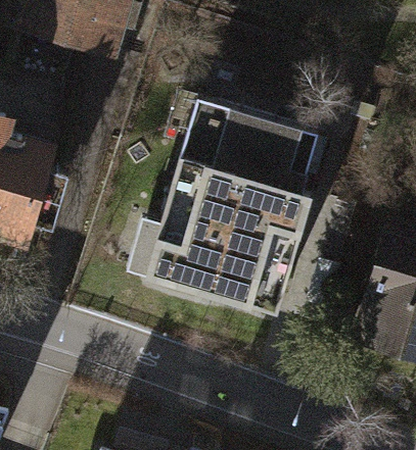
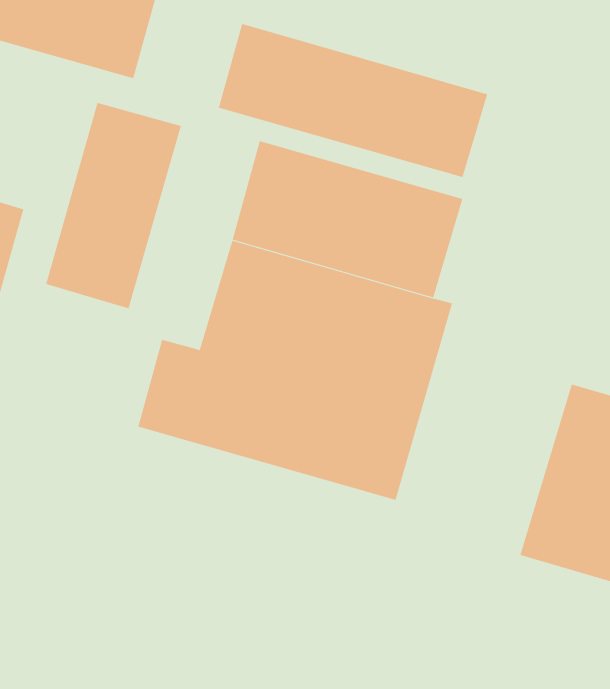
building: none -> [218,23,488,178]
building: none -> [45,102,181,309]

